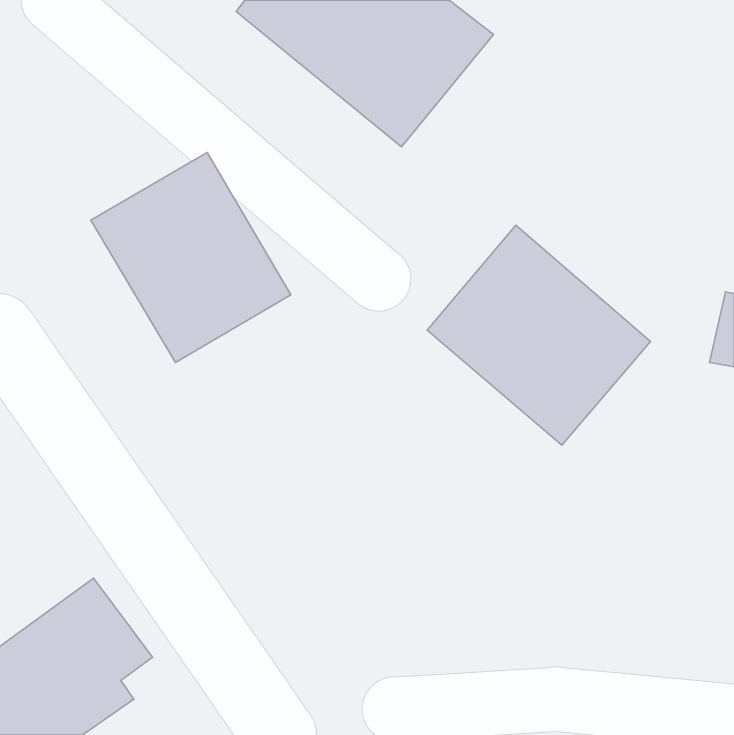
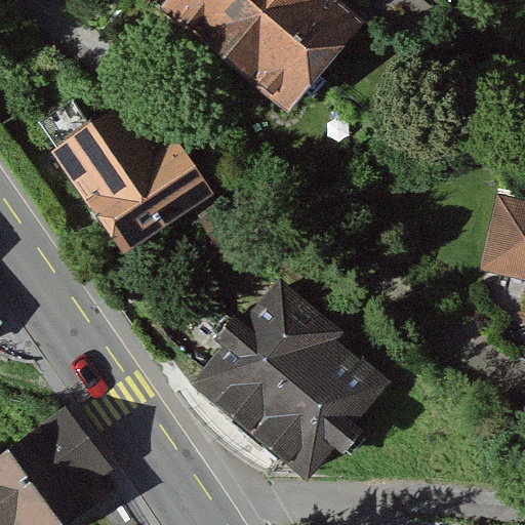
building: [427,225,650,445] -> none
building: none -> [199,289,373,474]

